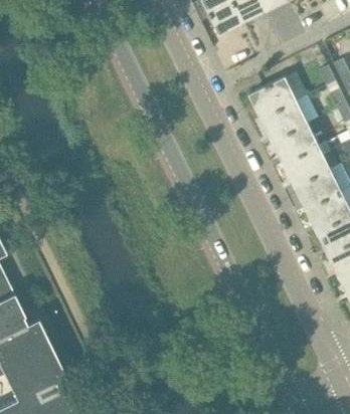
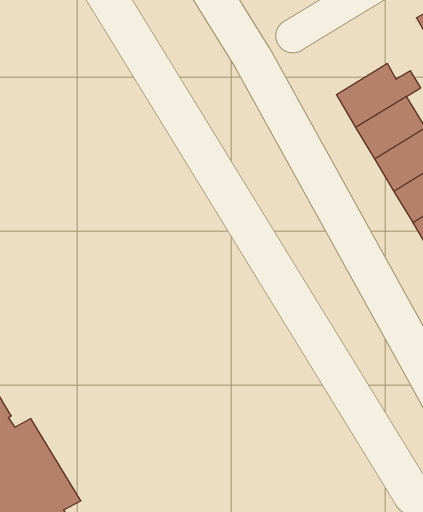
building: [248,76,297,118] -> none

